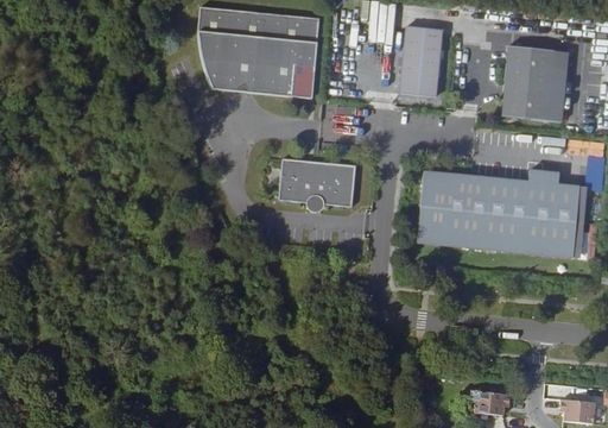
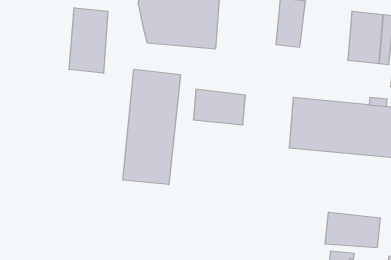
building: none -> [69,8,108,73]
building: none -> [123,69,180,185]
building: none -> [325,212,380,248]

